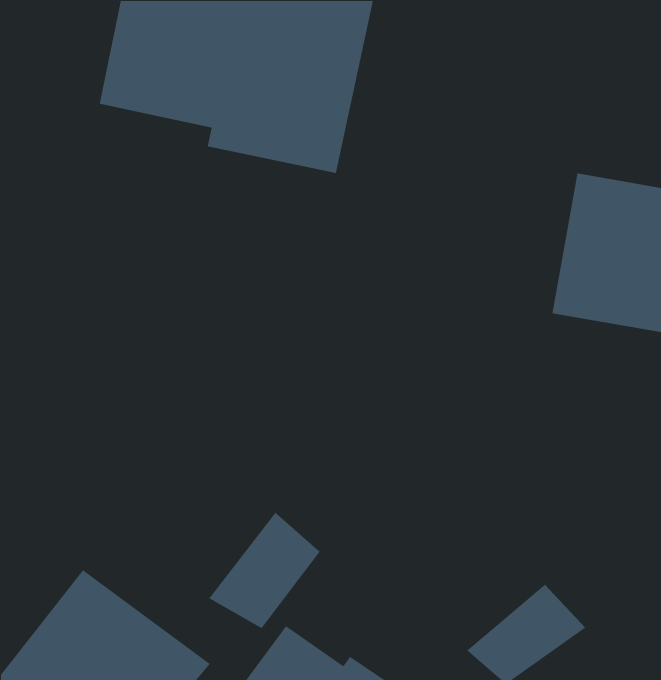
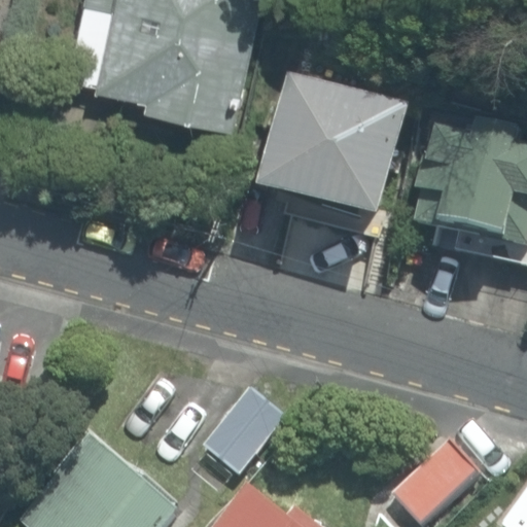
building: none -> [291,90,447,226]

